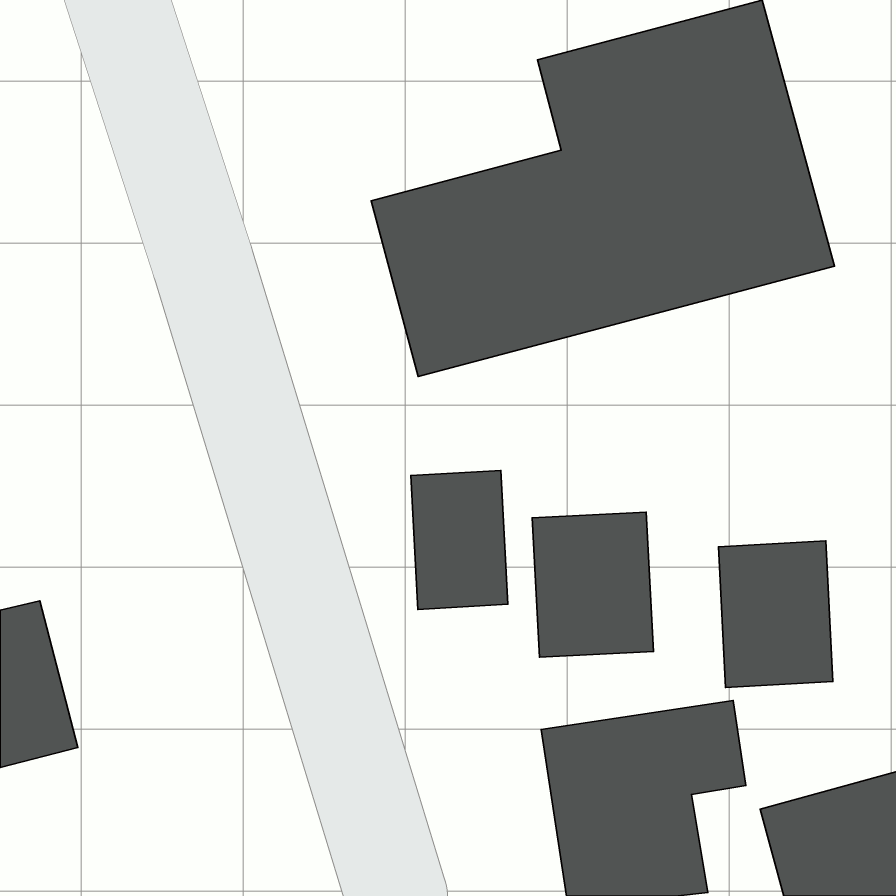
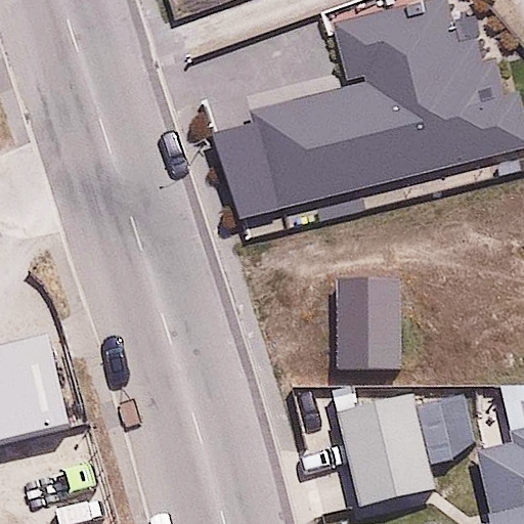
building: [411,470,508,609] -> none
building: [718,541,833,687] -> none

